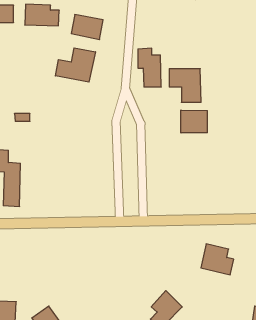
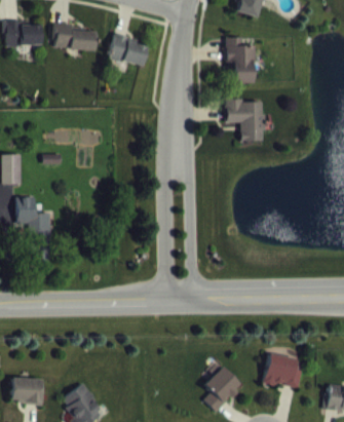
building: [55,48,95,82] -> none
building: [138,48,161,87] -> [226,37,254,83]
building: [181,110,207,133] -> none
building: [201,244,234,275] -> [263,352,302,389]

